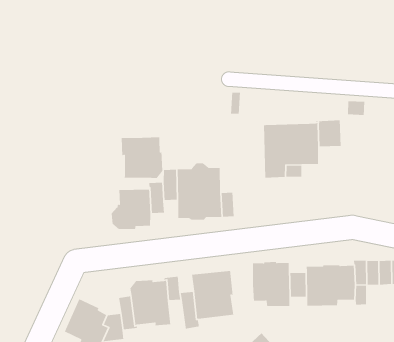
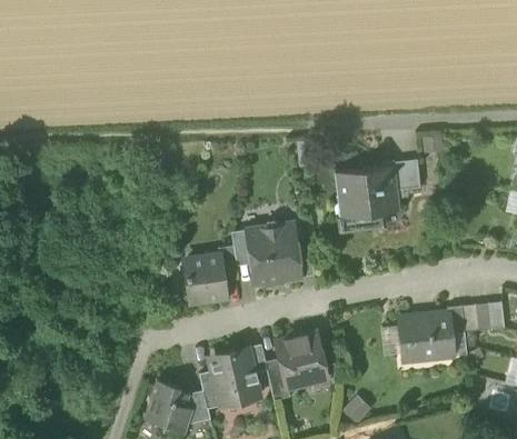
building: [121,136,163,179] -> none
building: [252,261,290,307] -> none

